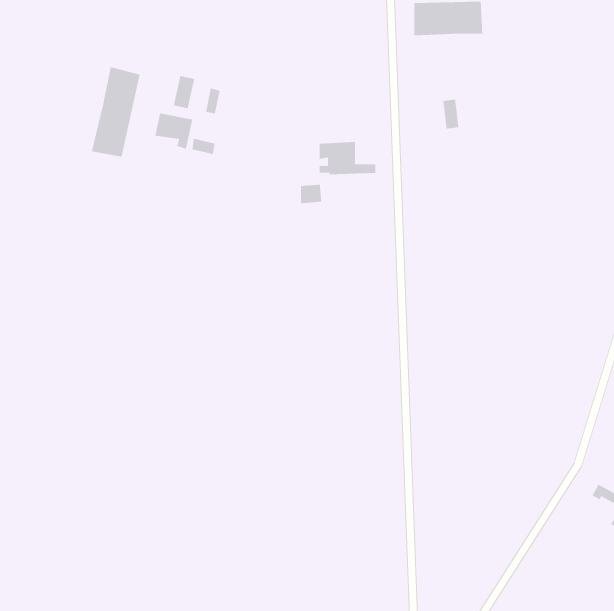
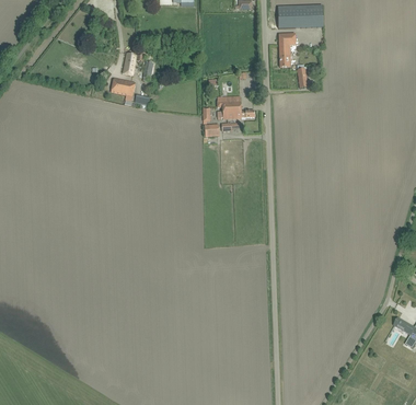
building: none -> [279,33,296,67]
building: [91,66,141,158] -> none

